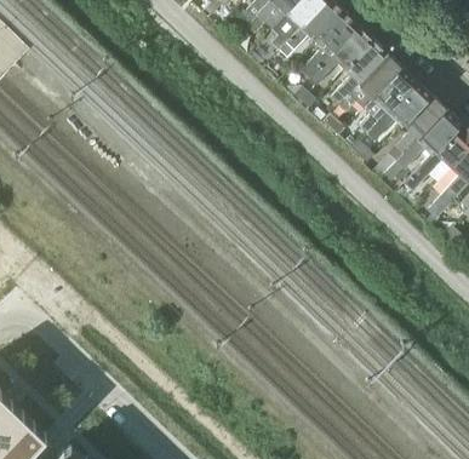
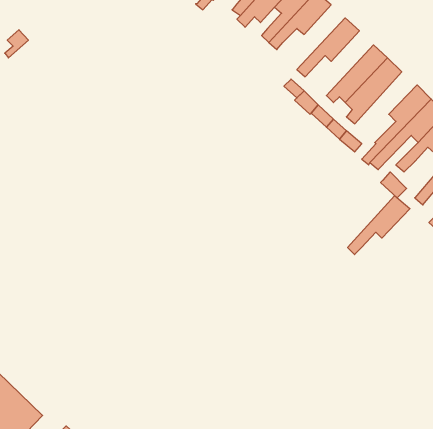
building: [301,17,359,84] -> none
building: [331,44,388,110] -> none
building: [368,86,433,147] -> [348,196,410,255]

